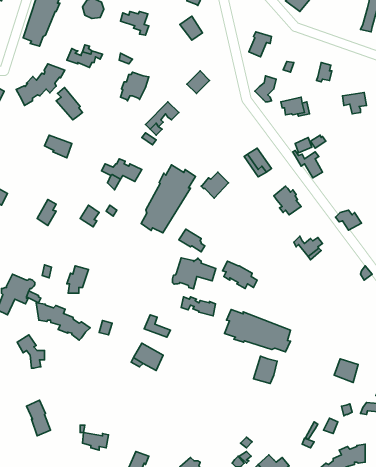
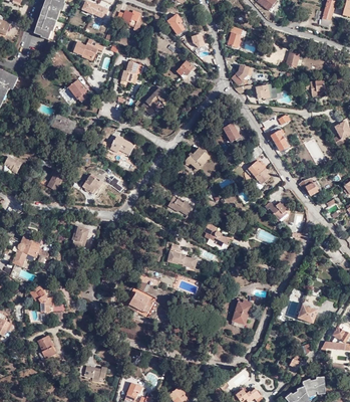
building: [16,64,65,105] -> none
building: [141,165,195,233] -> none
building: [172,258,216,289] -> none
building: [36,303,90,340] -> none
building: [225,309,291,352] -> none

